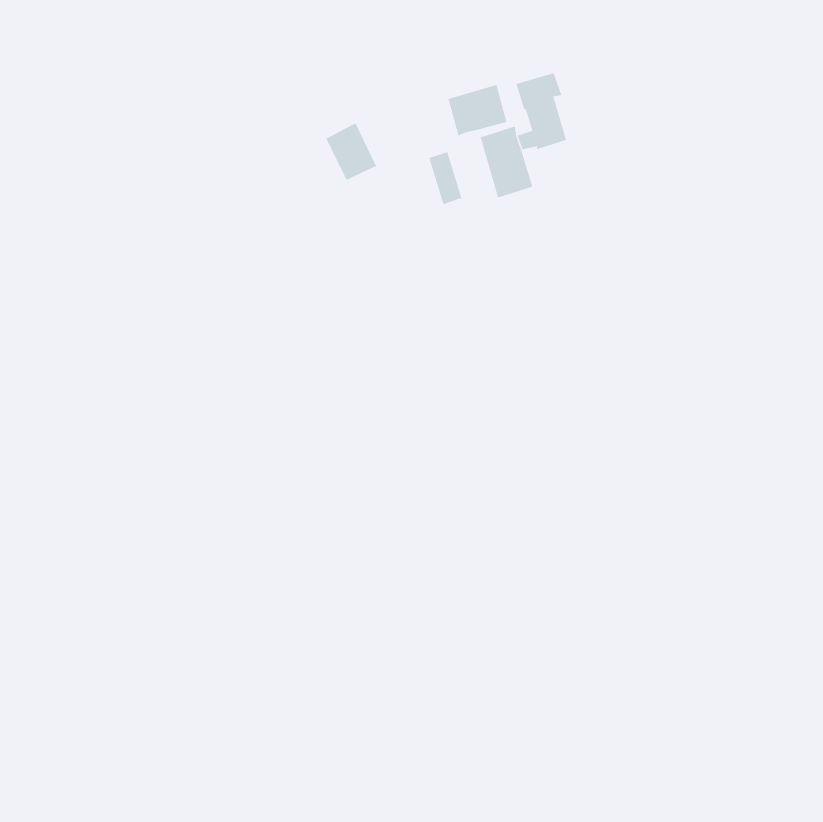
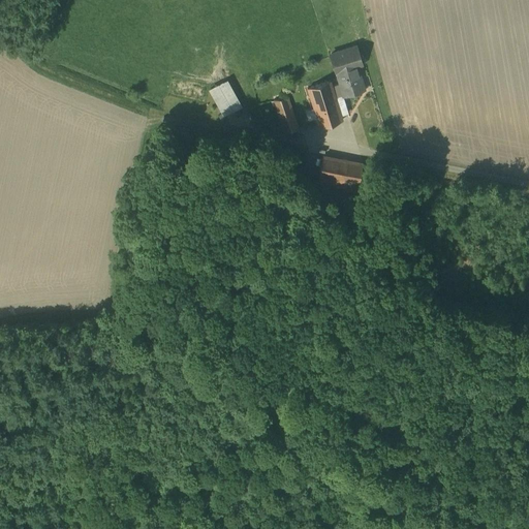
building: [448,84,507,137] -> none
building: none -> [319,157,363,184]

